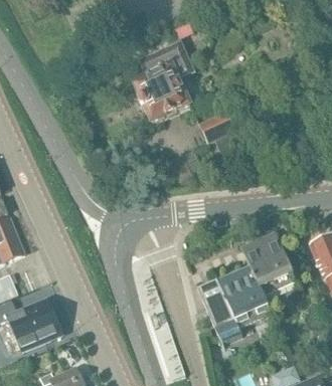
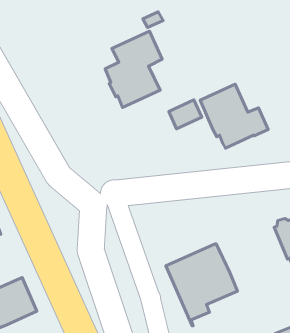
building: none -> [200,84,268,148]
building: [240,230,296,293] -> none

